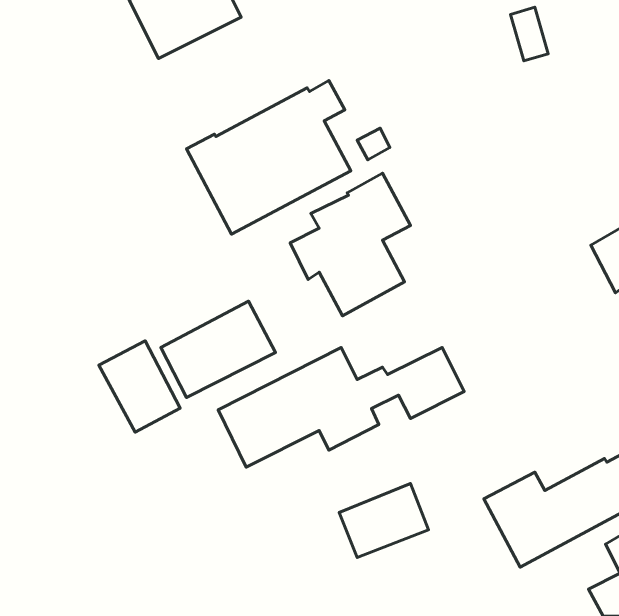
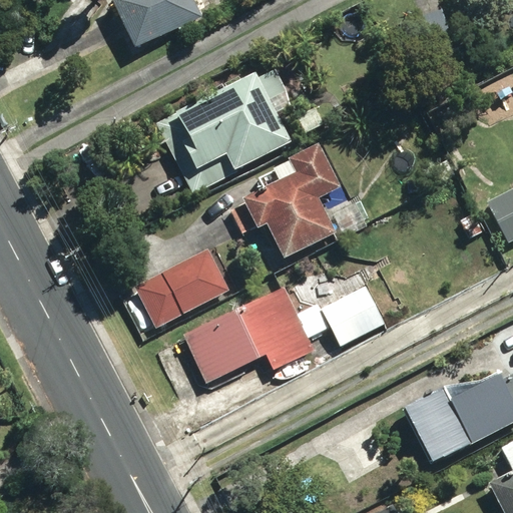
building: [99,341,180,432] -> none
building: [339,484,429,557] -> none

